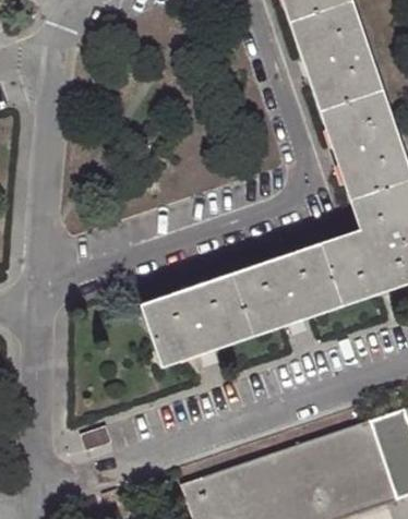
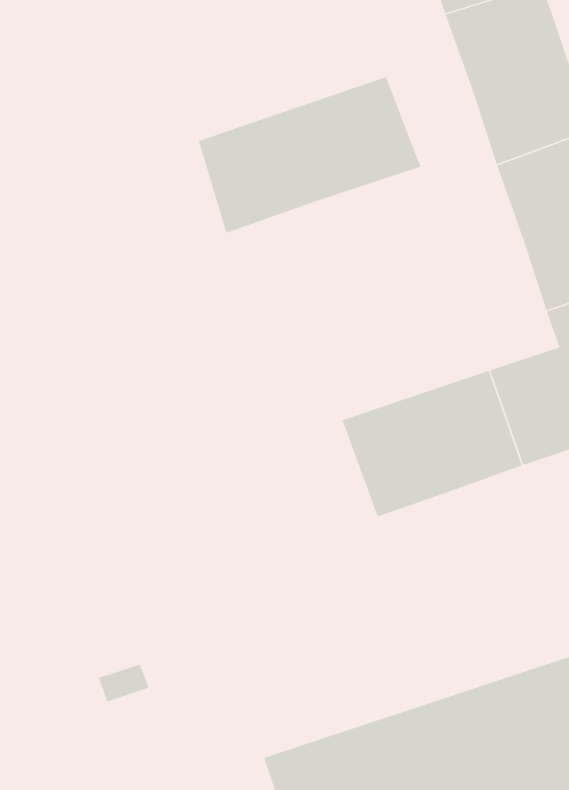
building: none -> [198,76,422,234]
building: [143,276,252,365] -> none

